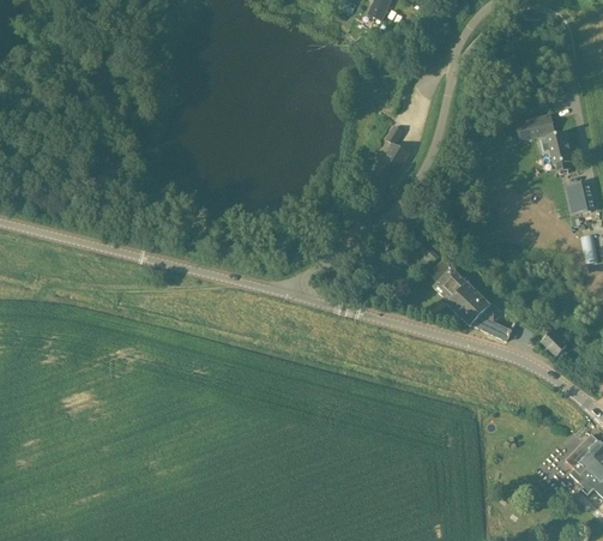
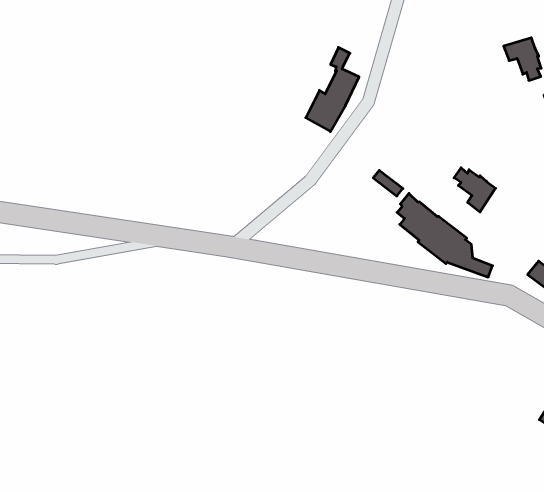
building: [515,114,554,139] -> none
building: none -> [454,168,496,212]

